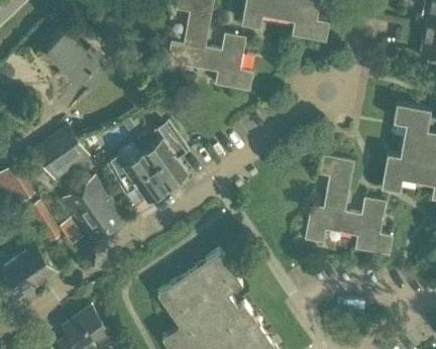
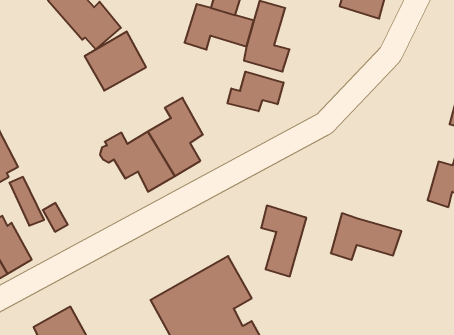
building: none -> [227,72,284,111]
building: [36,128,89,180] -> [85,31,146,91]
building: [317,154,354,212] -> [261,206,306,276]
building: [63,178,125,243] -> none
building: [355,199,393,255] -> none

